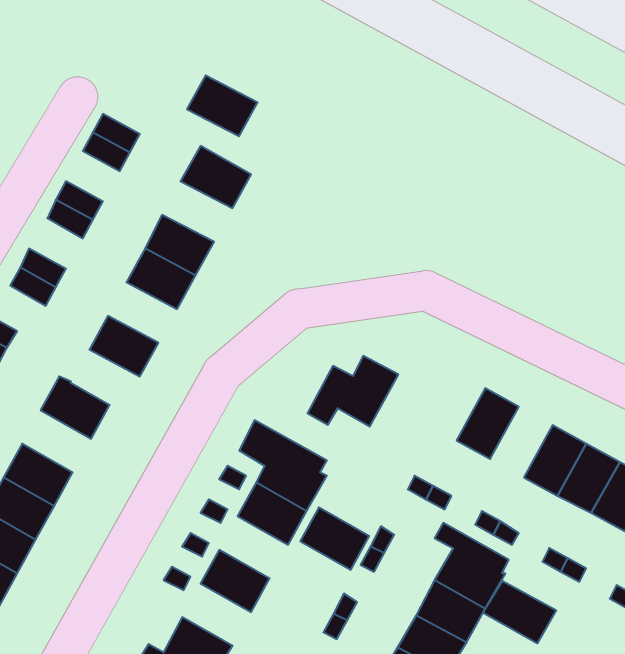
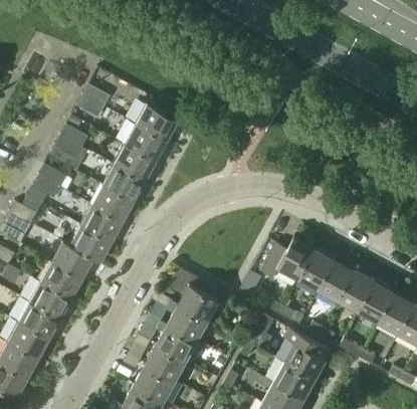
building: [187,76,258,136] -> [123,125,165,161]
building: none -> [90,185,132,221]
building: none -> [68,225,110,262]
building: [307,356,398,427] -> [261,237,316,279]
building: none -> [319,259,356,301]
building: none -> [39,261,80,298]
building: [300,507,369,570] -> [157,325,198,362]
building: [483,581,556,643] -> none
building: none -> [135,365,176,402]

